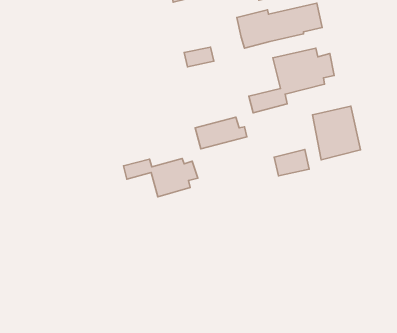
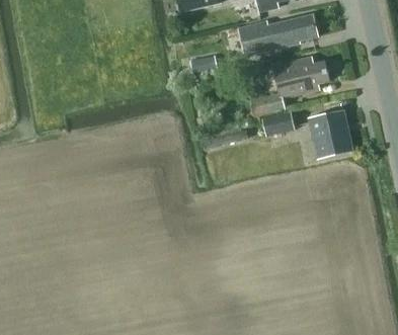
building: [274,149,309,176] -> [261,111,294,136]
building: [123,159,198,197] -> none

